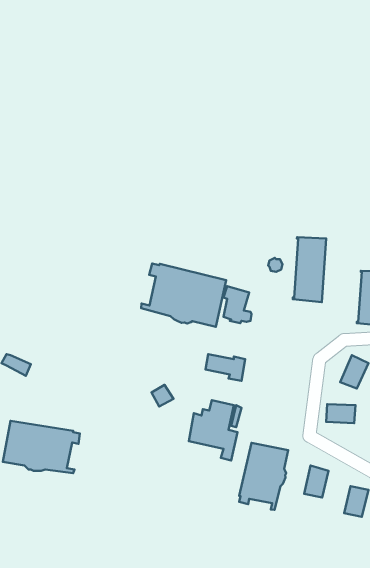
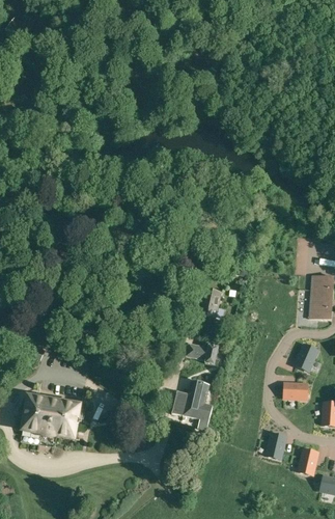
building: [293,237,326,302] -> none
building: [141,264,226,327] -> none
building: [239,443,288,510] -> none

